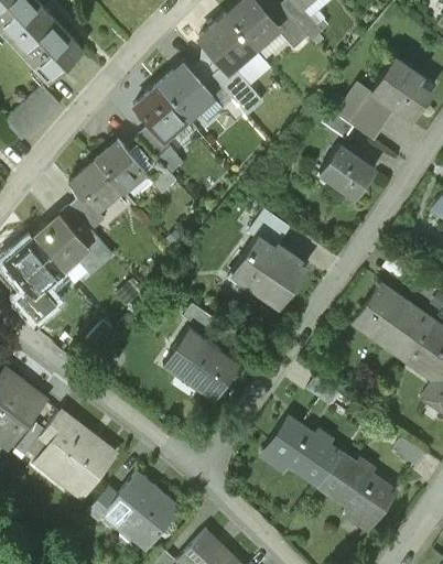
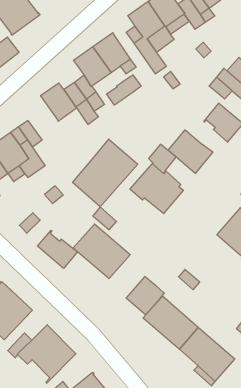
building: none -> [107,75,141,105]
building: [72,162,121,212] -> none
building: none -> [168,130,213,173]
building: none -> [73,139,138,207]
building: none -> [37,230,77,268]
building: none -> [126,276,164,315]

